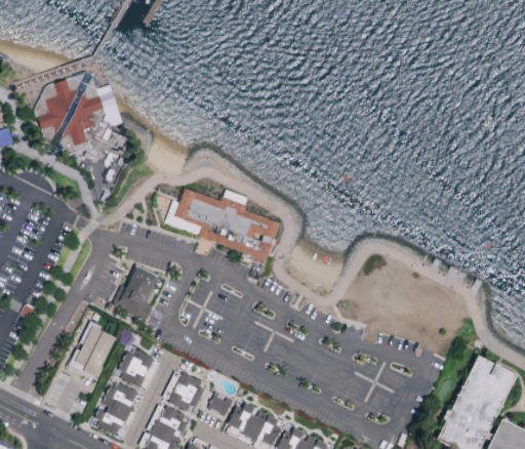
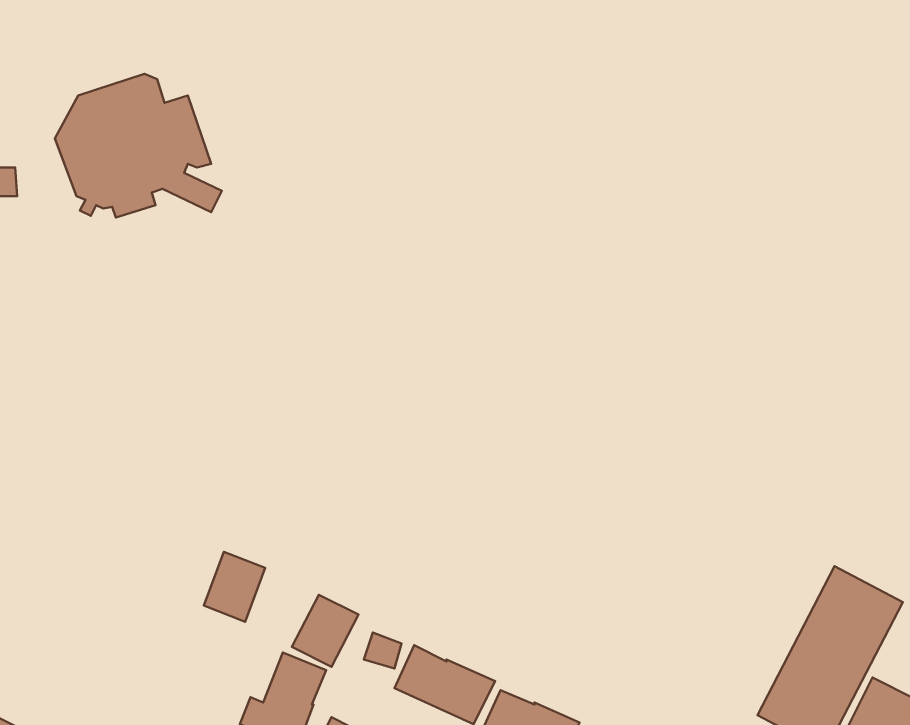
building: [157,189,279,261] -> none
building: [113,264,158,318] -> none
building: [70,322,117,376] -> none
building: [95,379,138,437] -> none

